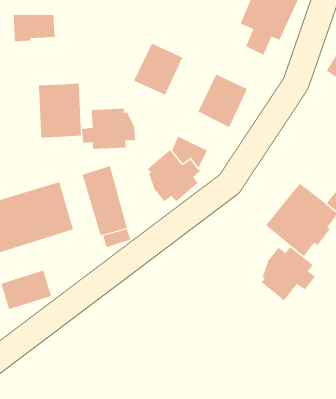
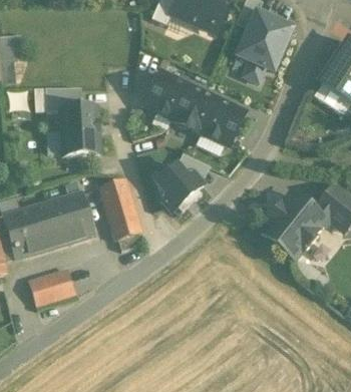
building: [13,14,55,42] -> [46,87,83,111]
building: none -> [172,85,218,133]
building: [81,108,135,150] -> none
building: [261,246,316,301] -> none

